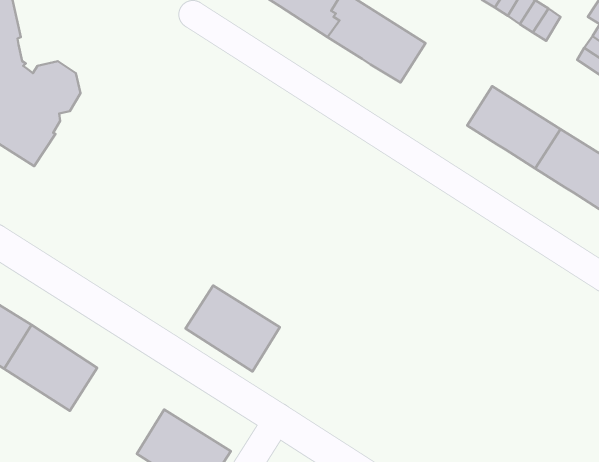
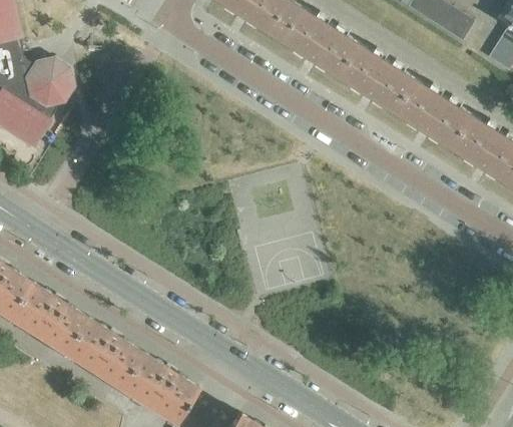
building: none -> [341,45,418,114]
building: [186,285,280,371] -> [63,318,142,390]

